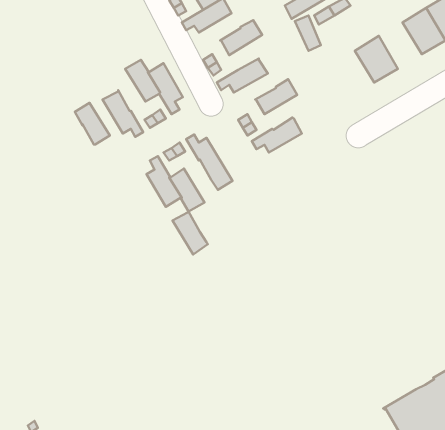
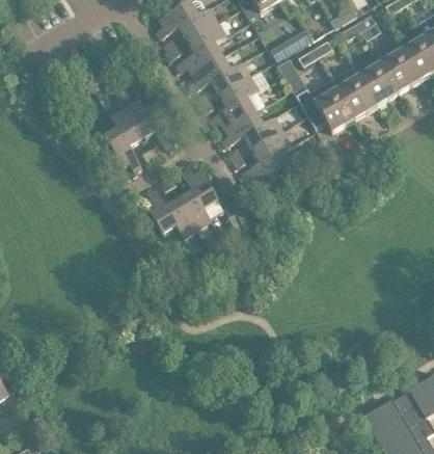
building: none -> [189,56,230,92]
building: none -> [357,64,397,107]
building: none -> [220,76,260,108]
building: none -> [294,80,353,133]
building: none -> [221,111,263,148]
building: none -> [252,131,291,163]
building: [75,103,110,145] -> [111,107,143,145]
building: [173,211,208,255] -> [179,190,211,230]

